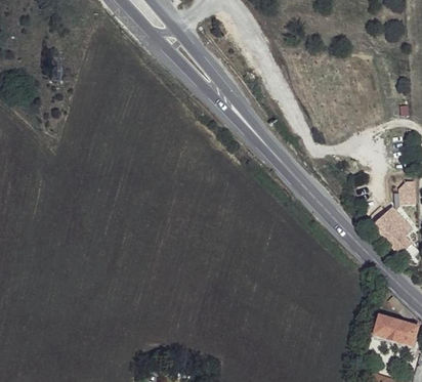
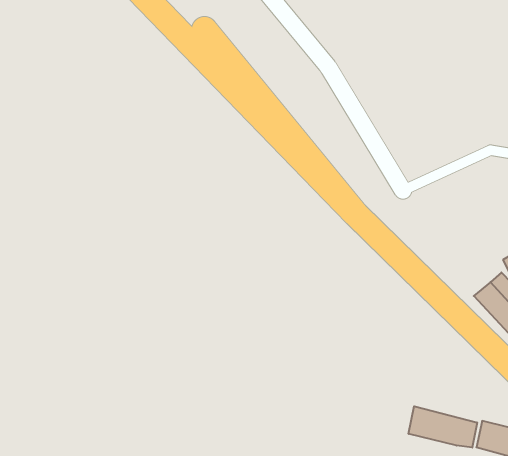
building: none -> [409,406,477,448]

